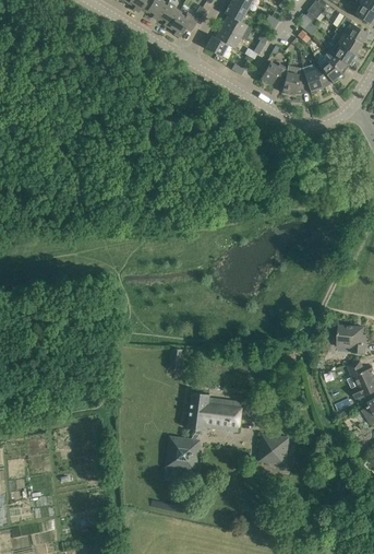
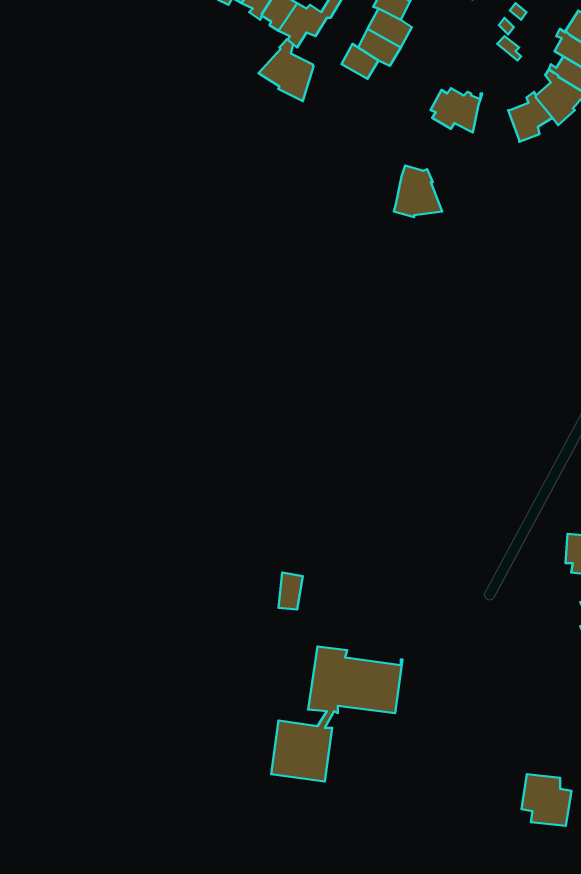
building: none -> [259,39,314,101]
building: [283,63,312,94] -> [394,165,442,217]
building: [261,433,290,463] -> [521,774,571,826]

